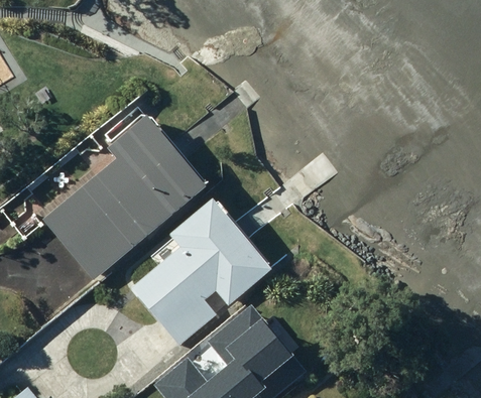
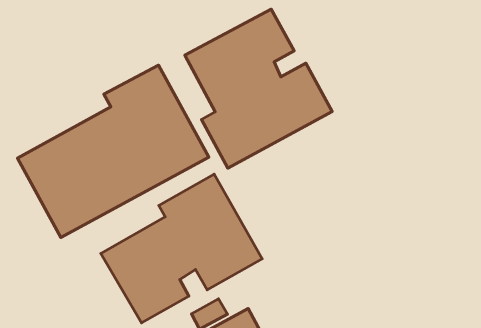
building: none -> [185,9,332,168]

